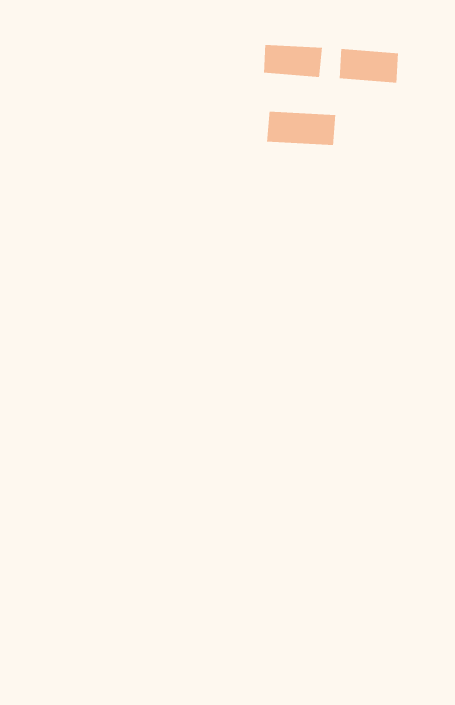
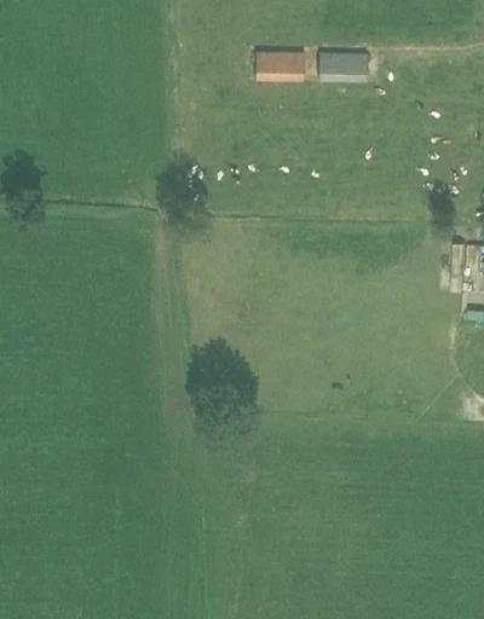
building: [266,111,336,146] -> none

